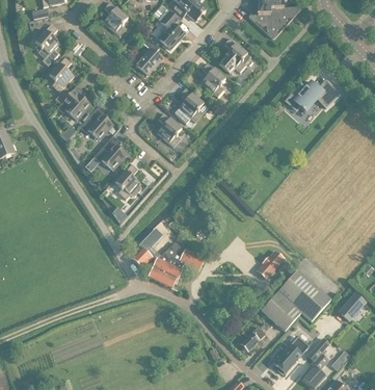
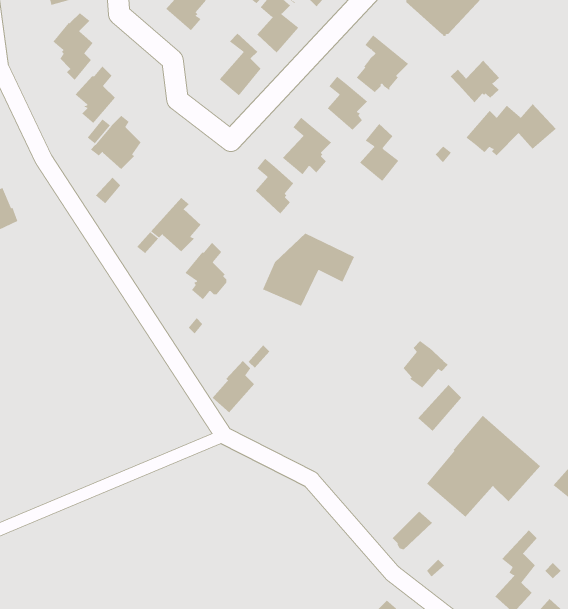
building: none -> [450,60,500,103]
building: none -> [359,123,399,182]
building: [80,106,111,139] -> none
building: none -> [403,340,449,389]
building: [149,242,205,287] -> [262,233,355,307]
building: [274,336,309,373] -> none

